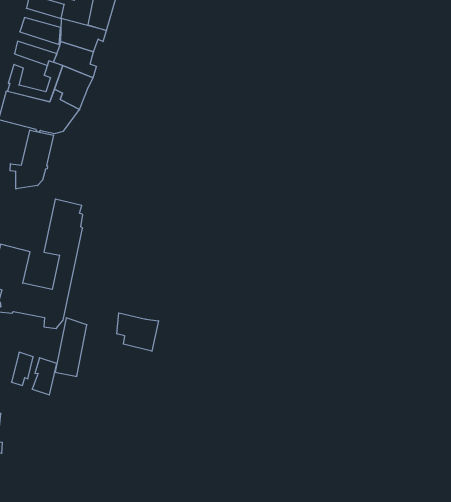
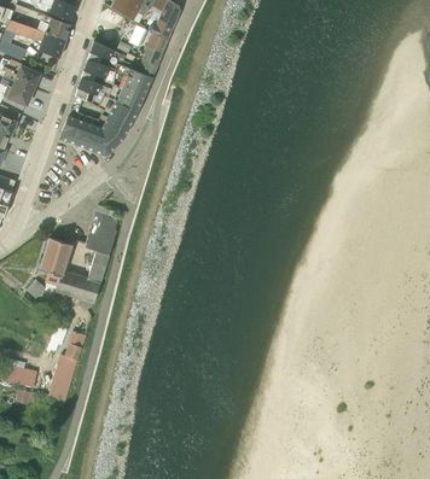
building: [10,130,53,189] -> none
building: [117,313,158,351] -> none
building: [55,318,87,376] -> [47,352,76,399]

